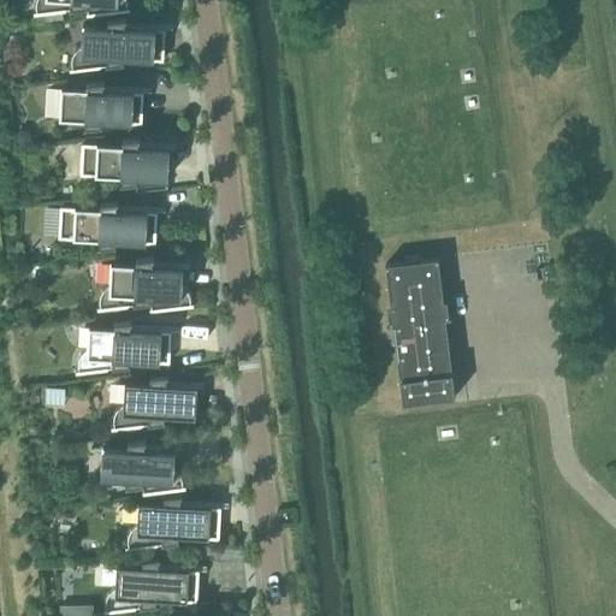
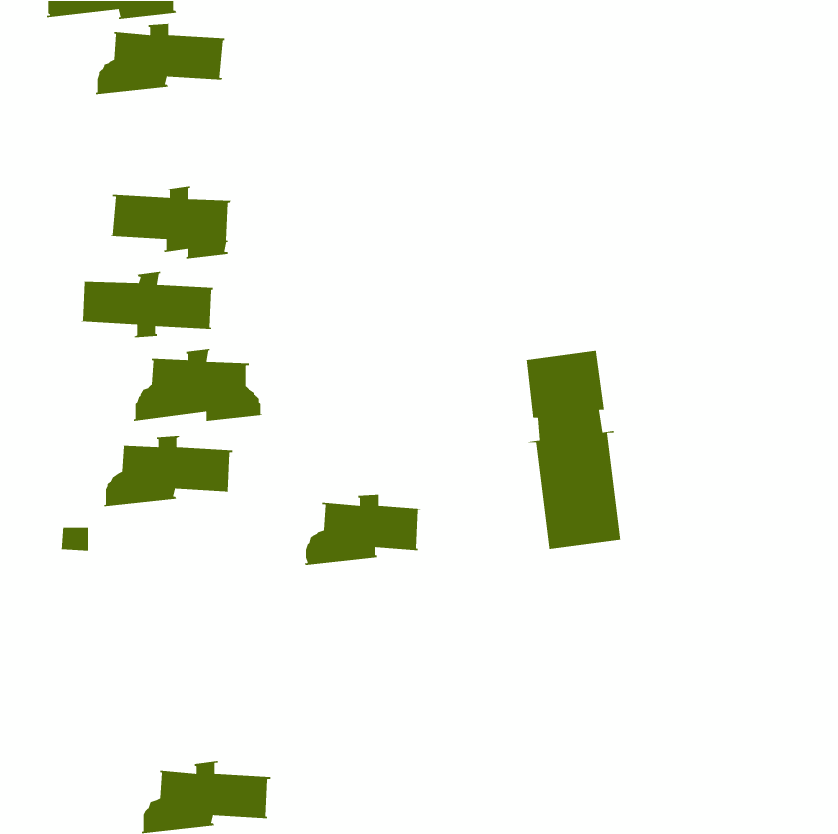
building: [59,83,143,132] -> none
building: [111,379,197,432] -> [303,494,422,566]
building: [101,442,185,496] -> none
building: [125,498,220,552] -> none

